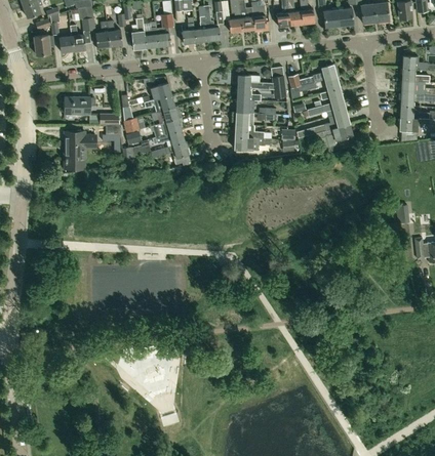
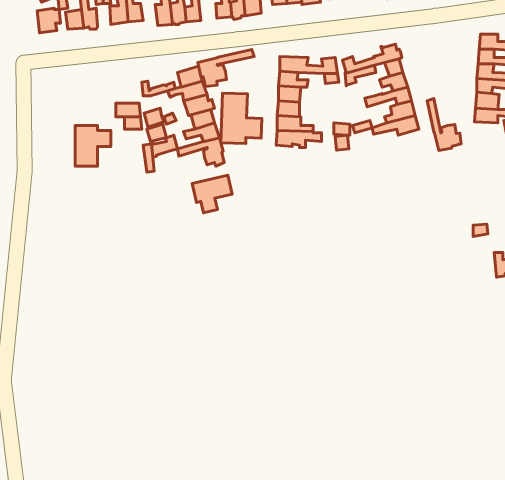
building: none -> [198,49,254,87]
building: [66,96,90,115] -> none
building: none -> [221,93,262,144]
building: none -> [427,99,461,151]
building: none -> [192,175,232,213]

